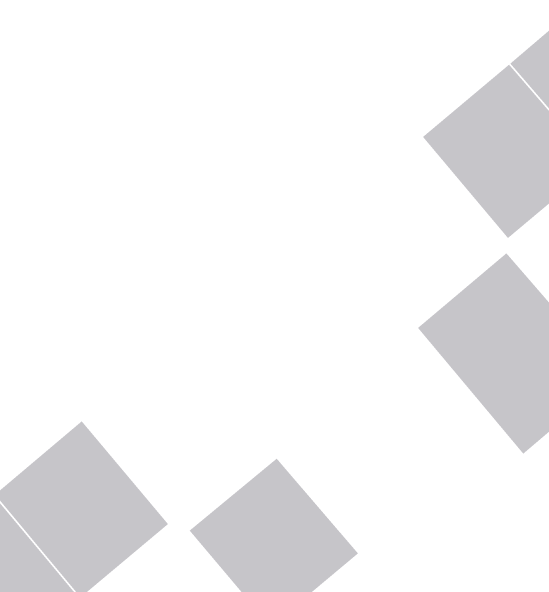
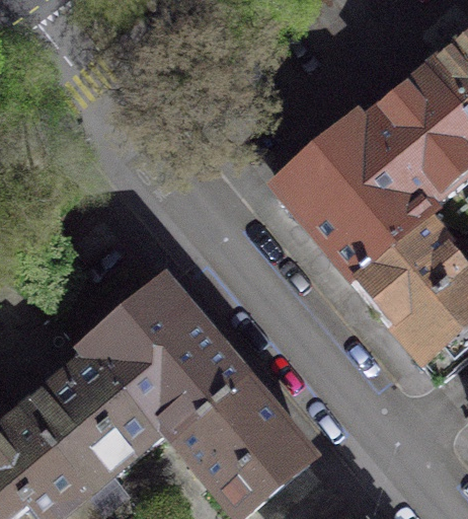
building: none -> [276,119,424,274]
building: none -> [85,279,242,434]

